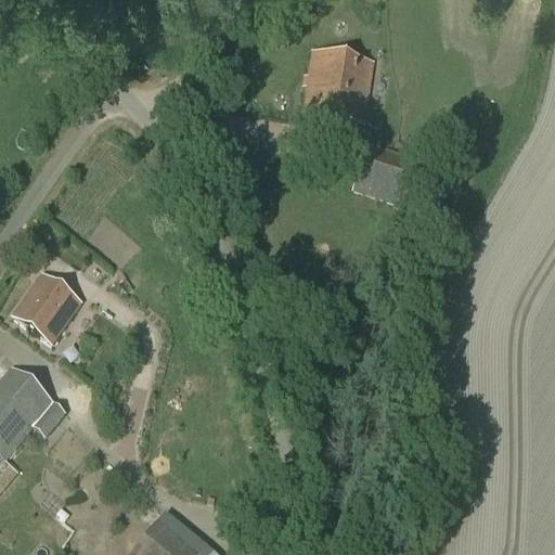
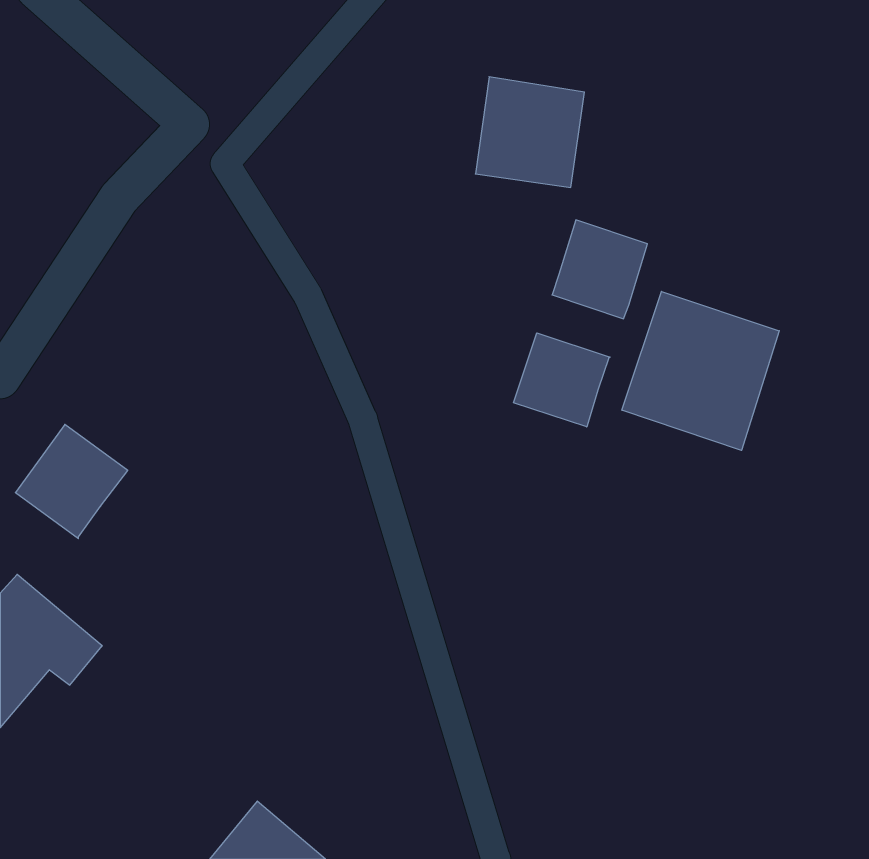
building: none -> [622,291,779,450]
building: none -> [514,333,610,427]

